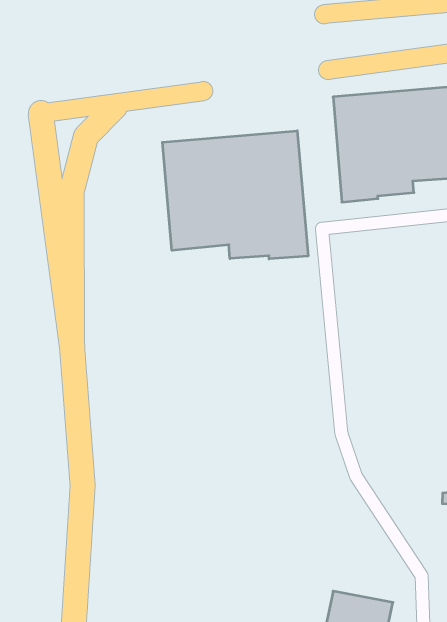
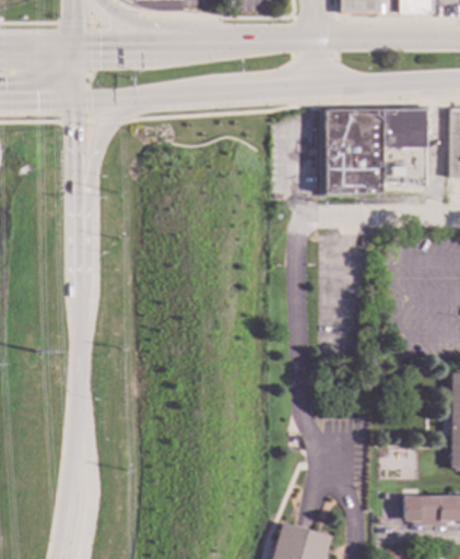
building: [162,131,308,259] -> none

